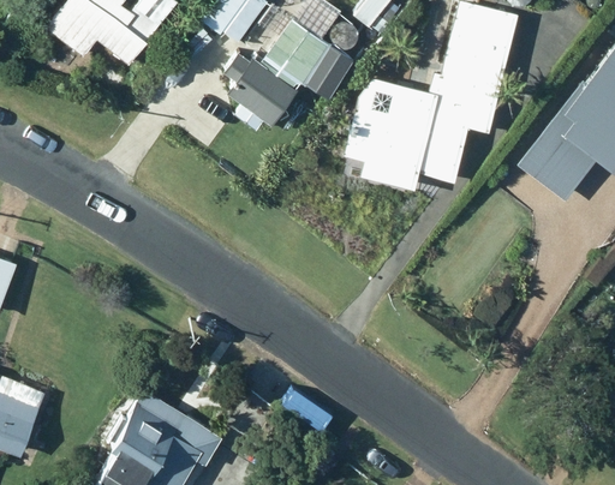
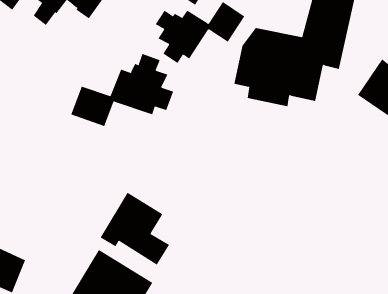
building: none -> [71,53,174,127]
building: none -> [100,192,170,265]

